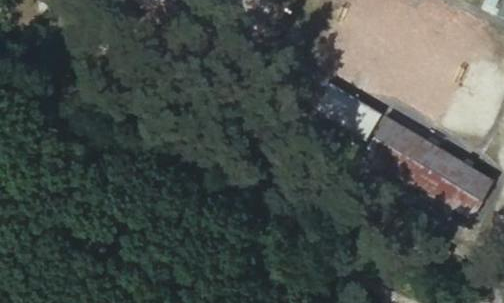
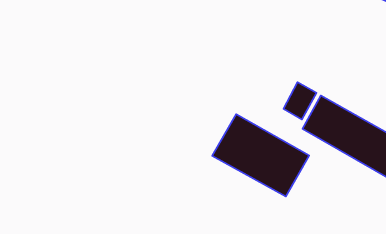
building: none -> [212,114,309,196]

